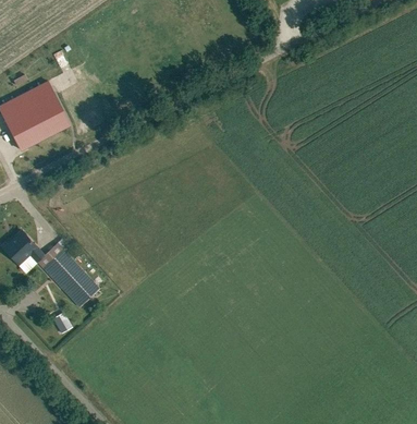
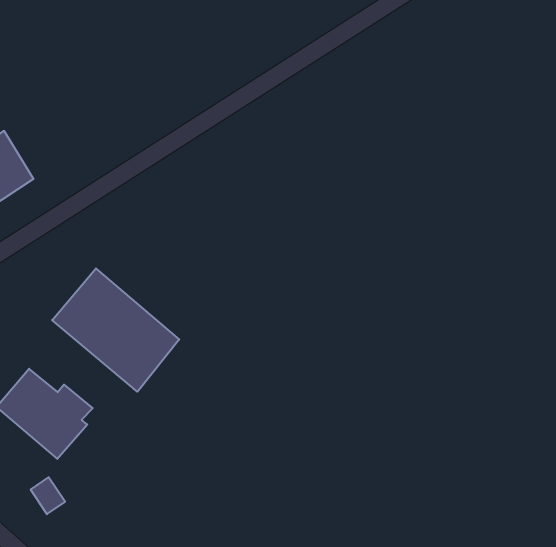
building: none -> [52,268,179,392]

